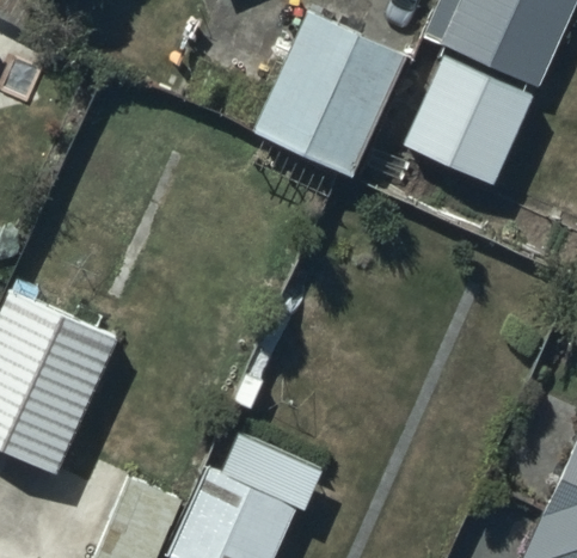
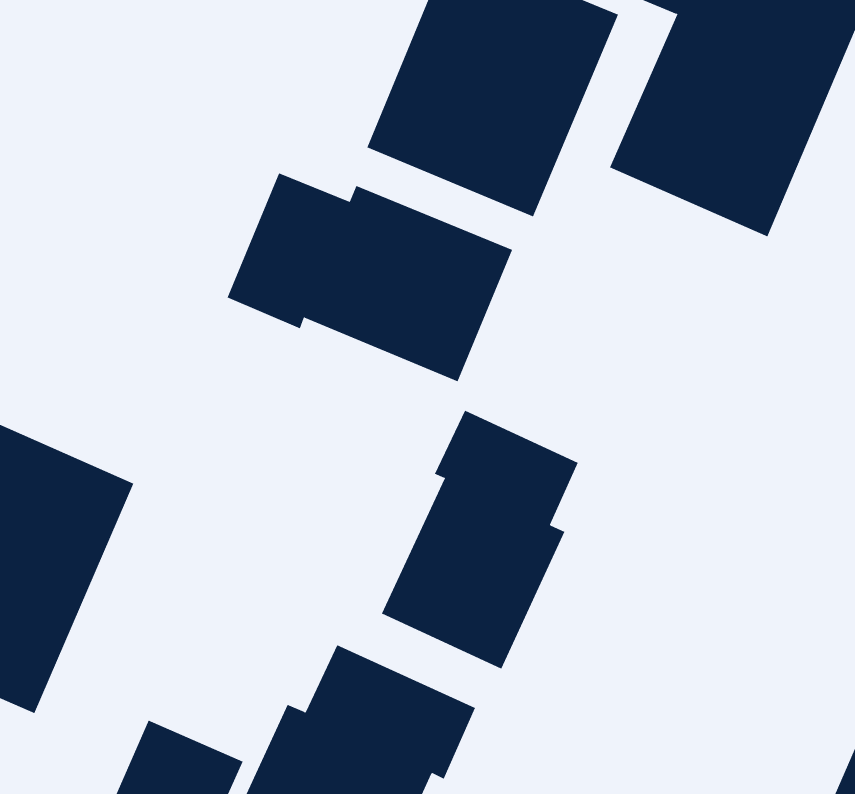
building: none -> [227,173,513,382]
building: none -> [381,410,579,669]

